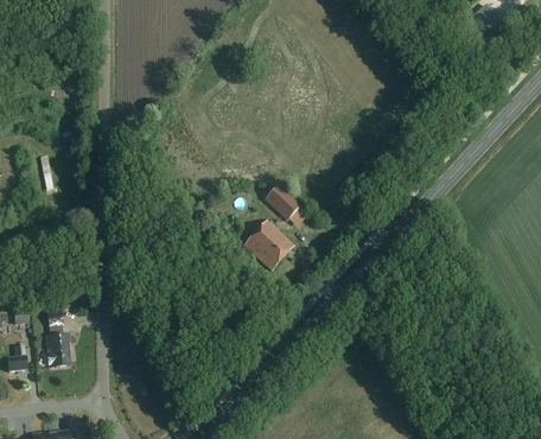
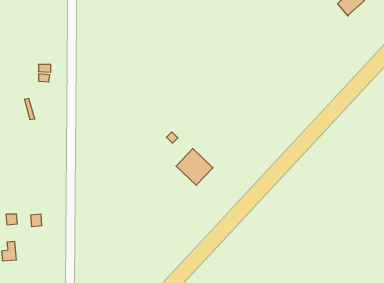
building: [262,183,299,218] -> none
building: [46,333,70,368] -> none

